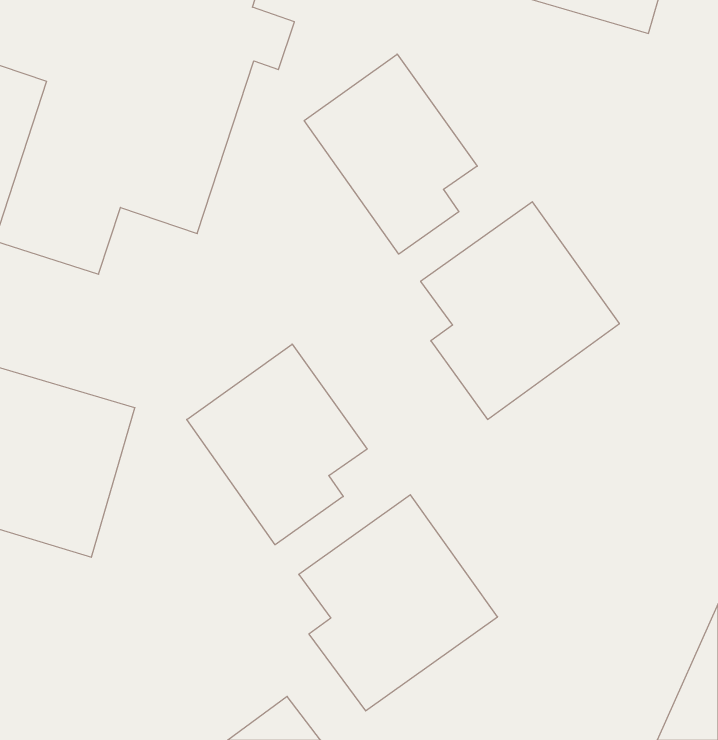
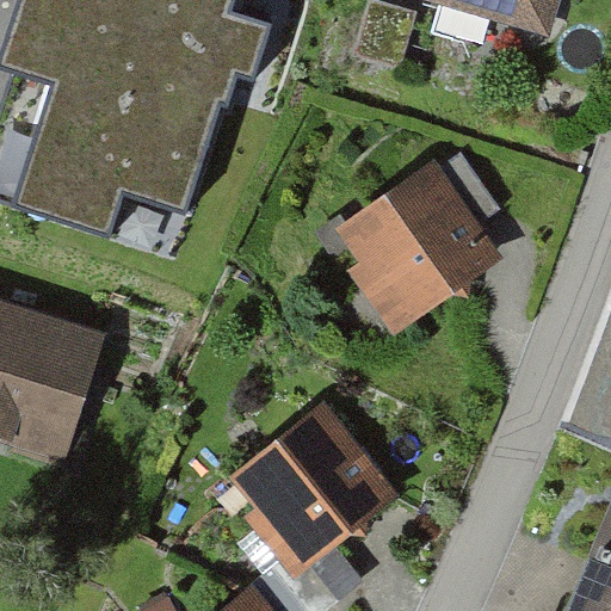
building: [304,54,477,254] -> none
building: [187,344,367,545] -> none

